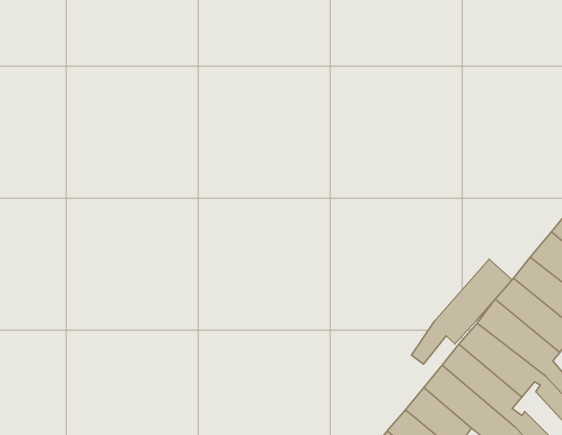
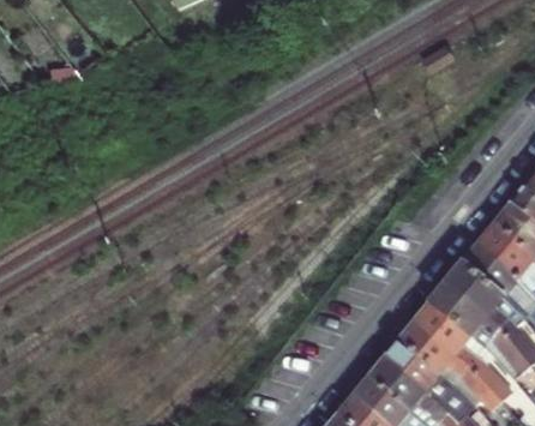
building: [412,259,512,364] -> none

